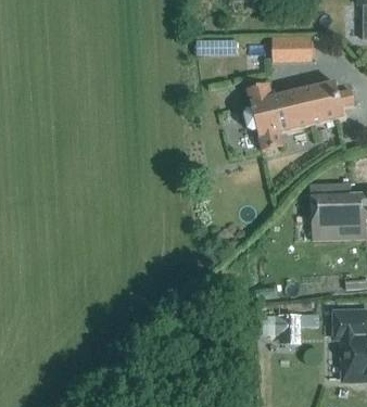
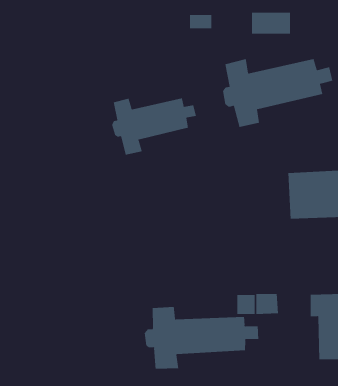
building: none -> [112,98,196,155]
building: none -> [144,306,259,369]

